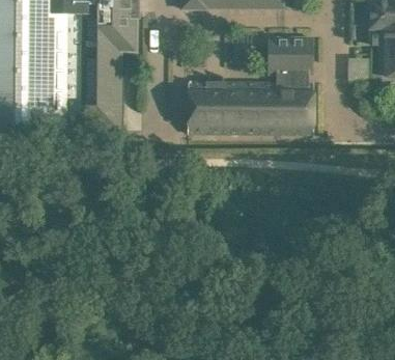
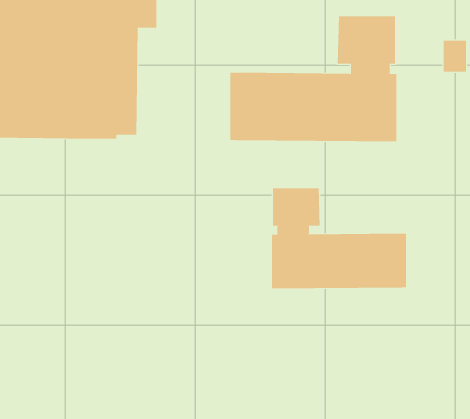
building: none -> [272,187,407,289]

